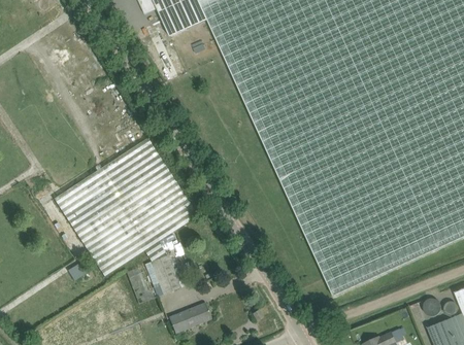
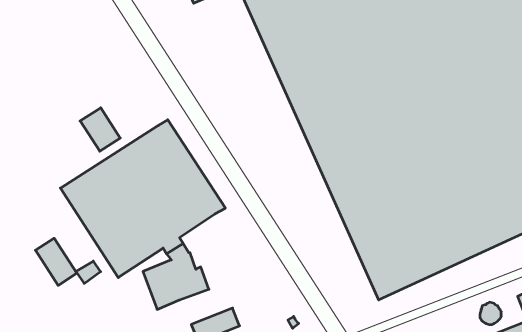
building: none -> [80,108,120,151]
building: none -> [35,238,77,285]

